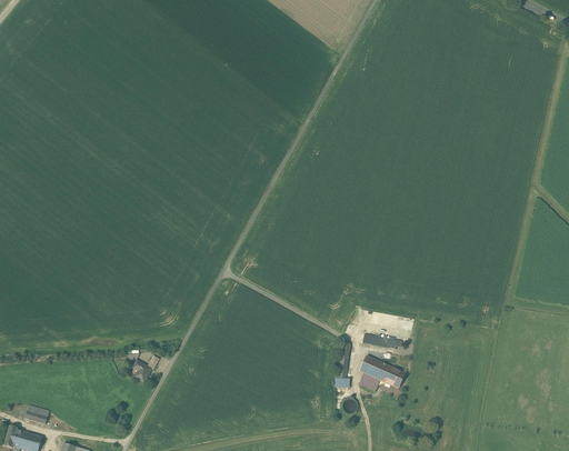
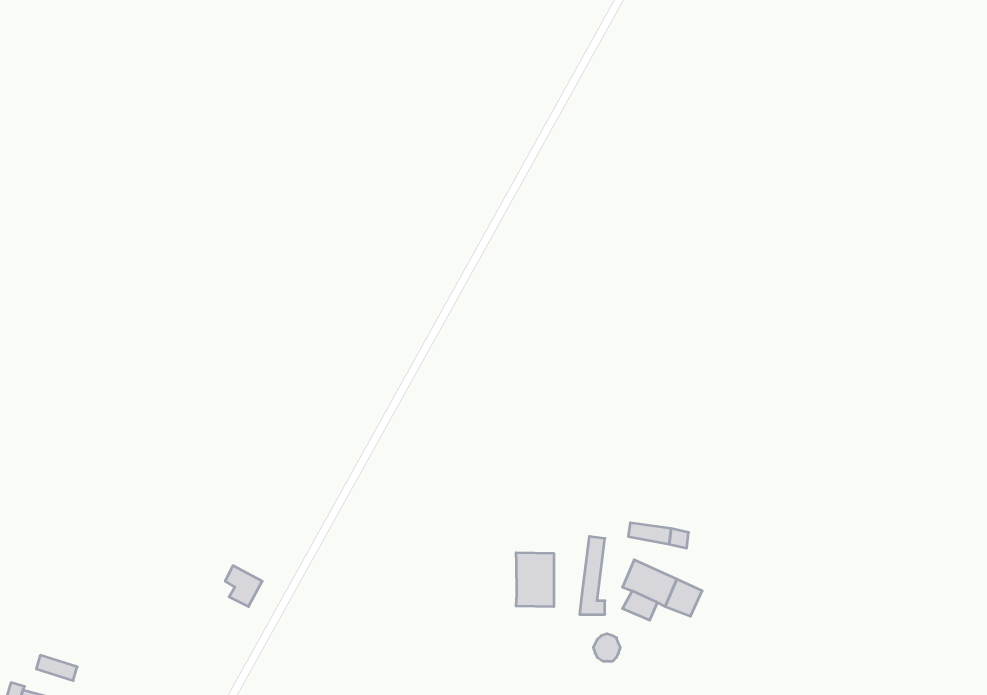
building: none -> [516,553,554,607]

